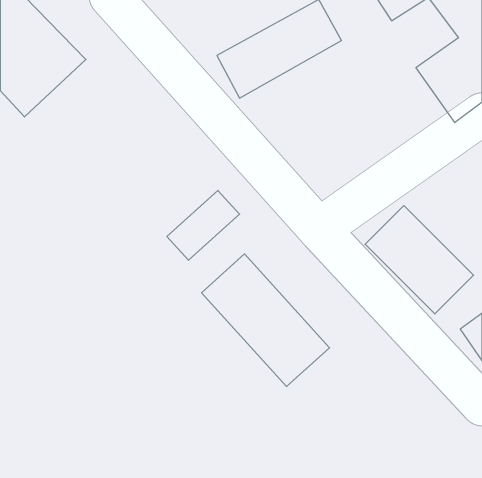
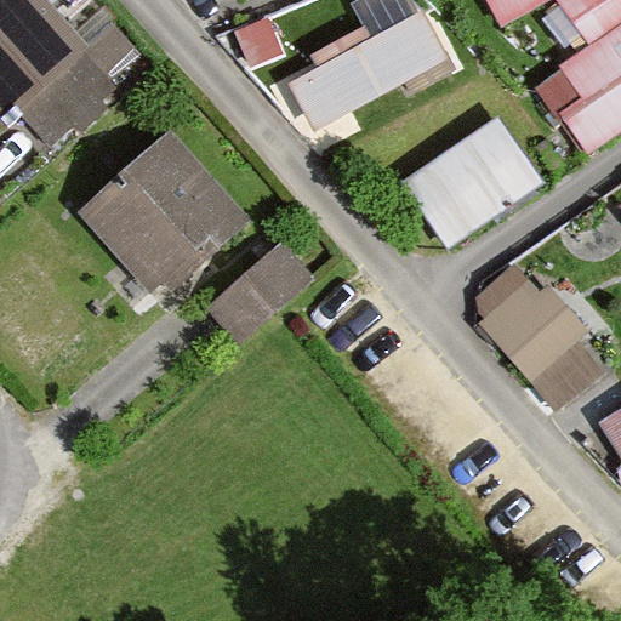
building: none -> [404,118,545,249]
building: none -> [92,137,244,281]
building: [202,254,330,387] -> none

